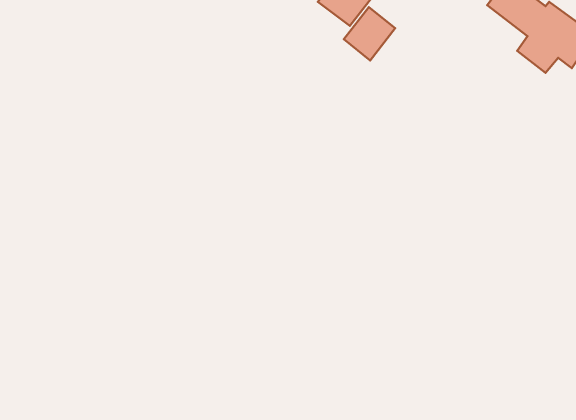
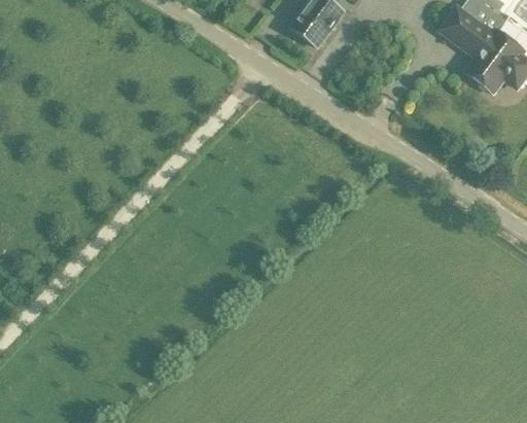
building: [344,7,395,60] -> none

